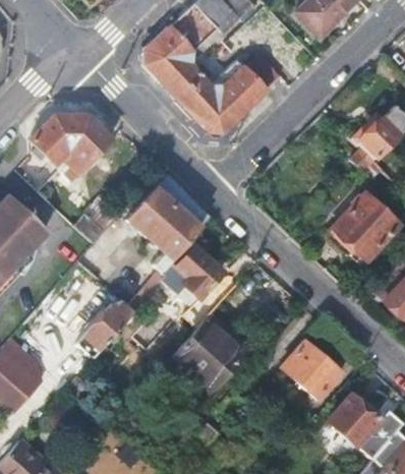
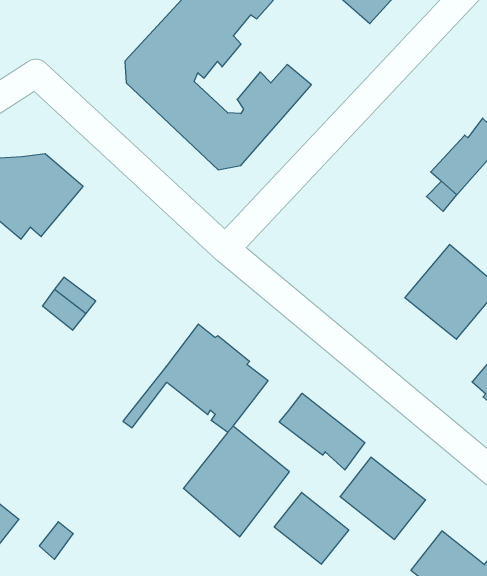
building: [129,173,209,269] -> none
building: none -> [279,393,365,470]
building: [80,299,136,355] -> none
building: none -> [274,492,349,564]

